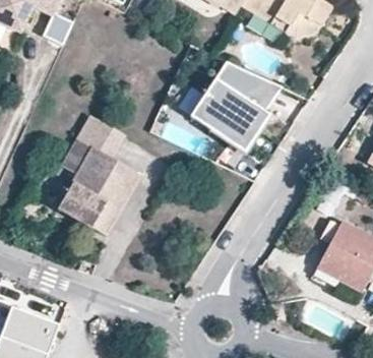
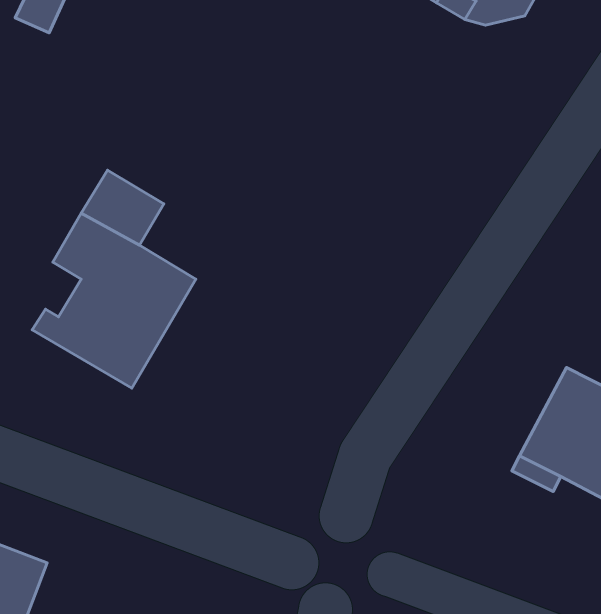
building: [191,59,277,147] -> none

